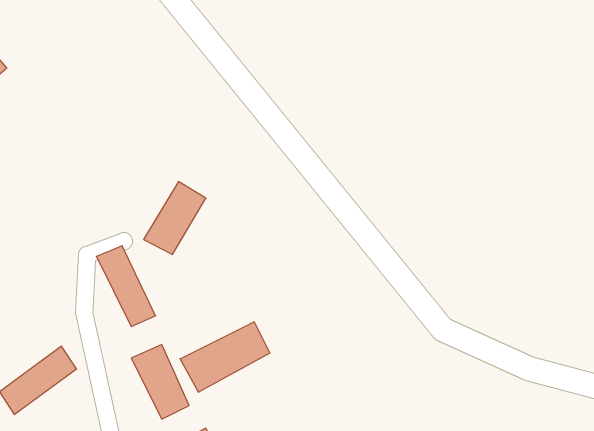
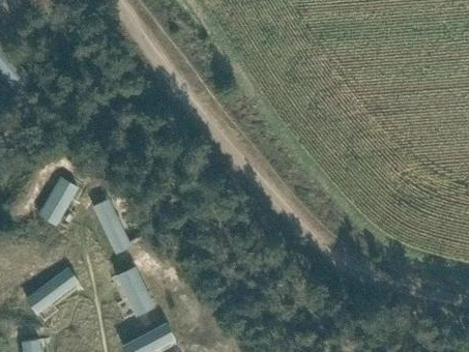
building: [144,182,206,255] -> [36,176,79,226]
building: [180,322,270,392] -> none

